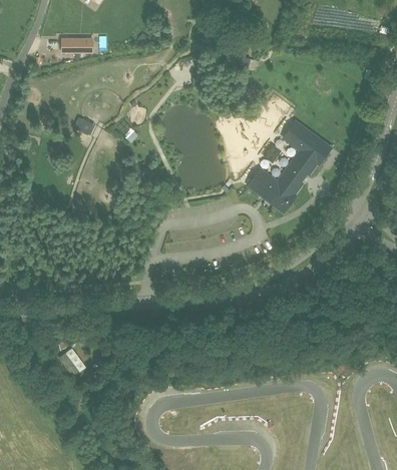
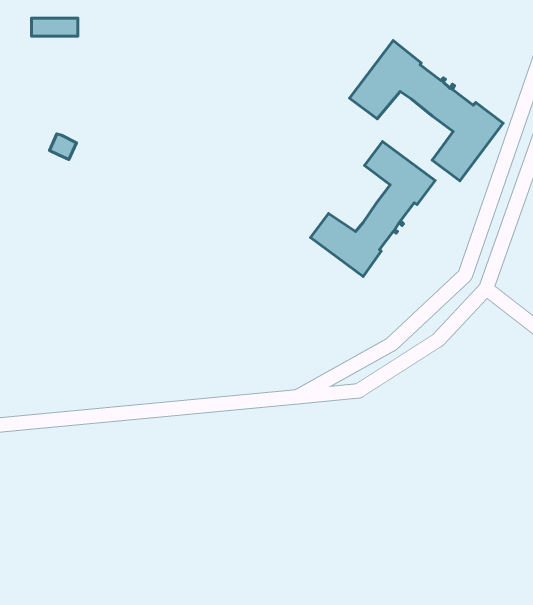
building: none -> [350,41,503,181]

